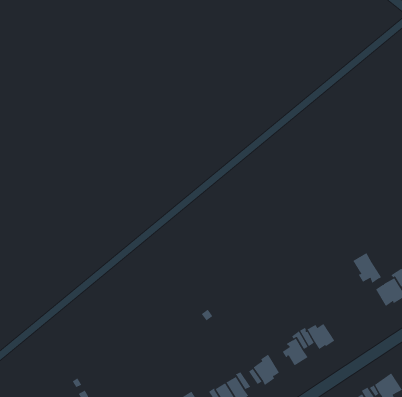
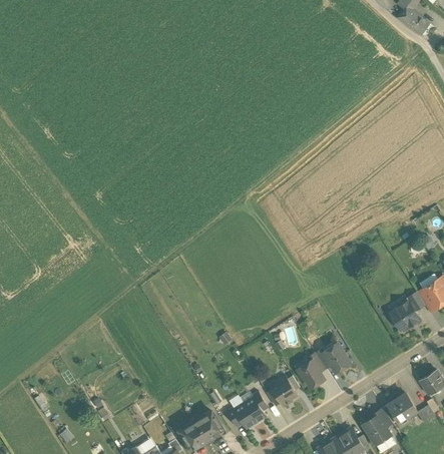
building: [352,252,382,284] -> none

